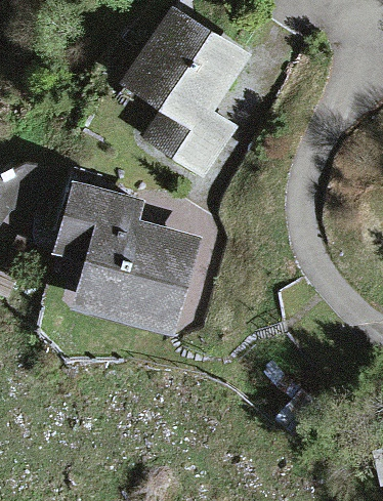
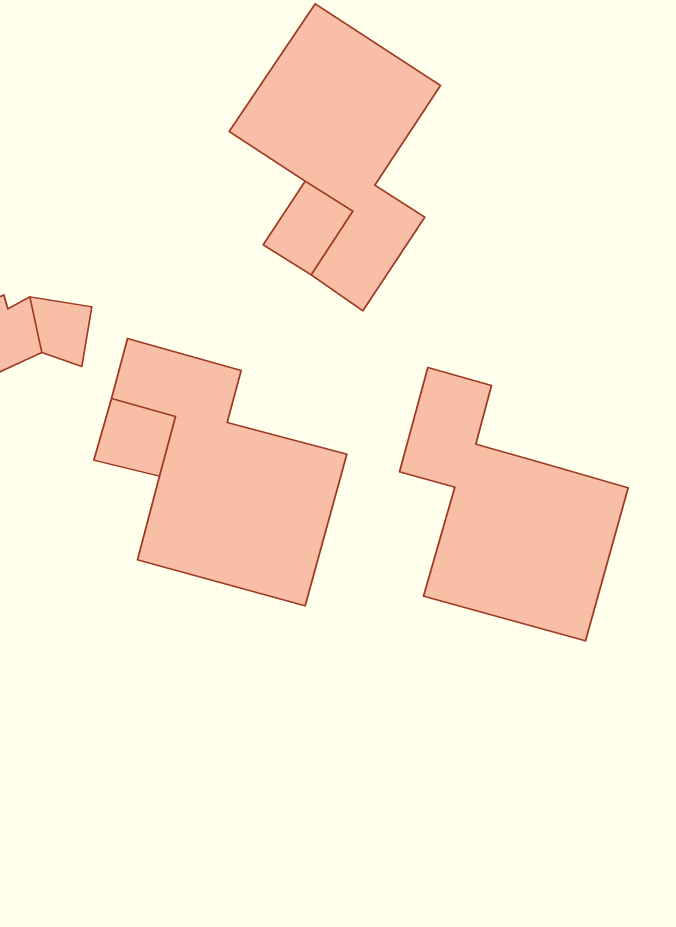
building: none -> [400,367,628,641]

